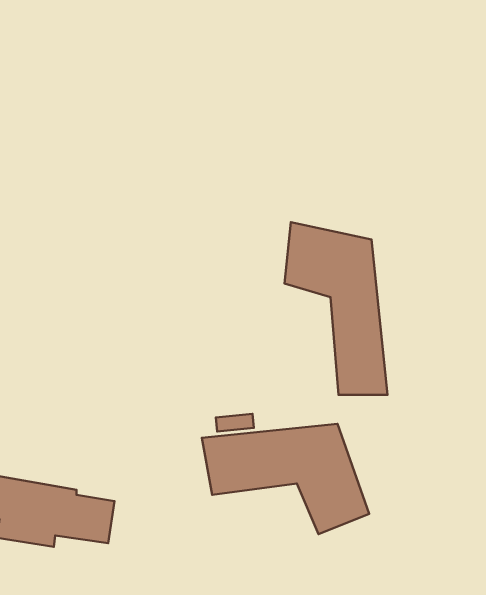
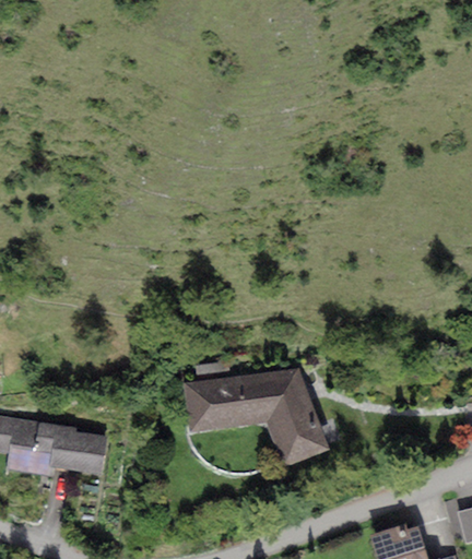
building: [284,222,388,395] -> none

